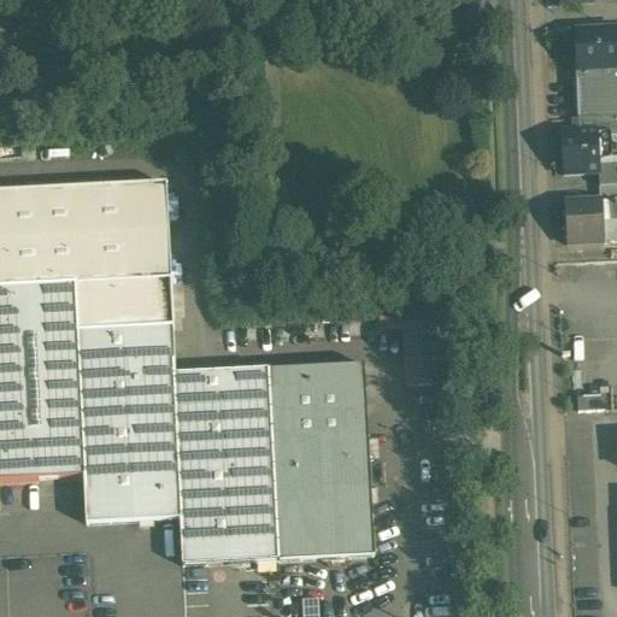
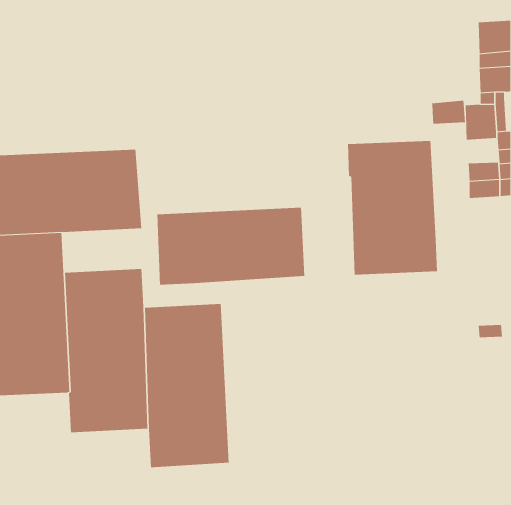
building: none -> [432,100,465,124]
building: none -> [347,140,437,275]
building: none -> [157,207,305,286]
building: [75,275,171,328] -> none
building: [266,360,372,557] -> none

